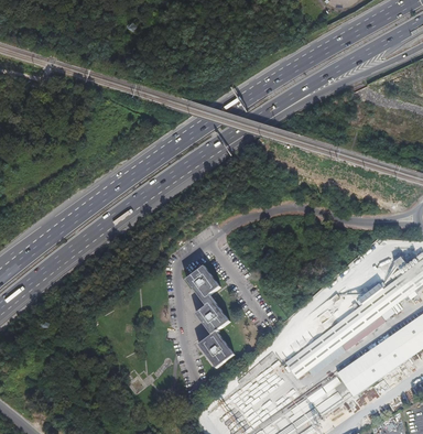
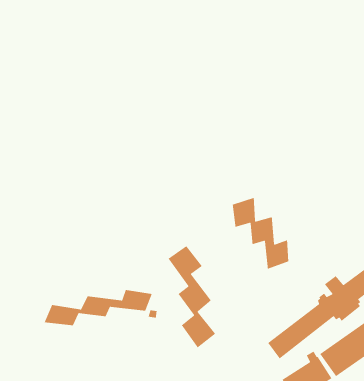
building: none -> [232,197,289,270]
building: none -> [44,289,153,326]

